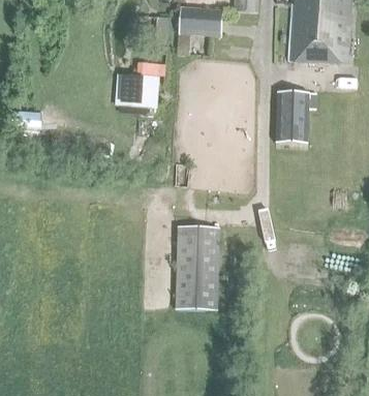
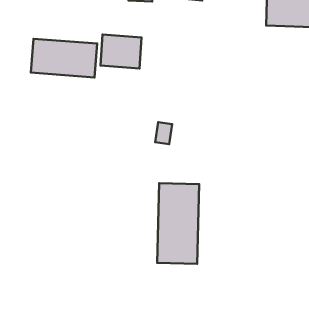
building: none -> [31,39,97,77]
building: [277,90,310,141] -> none

